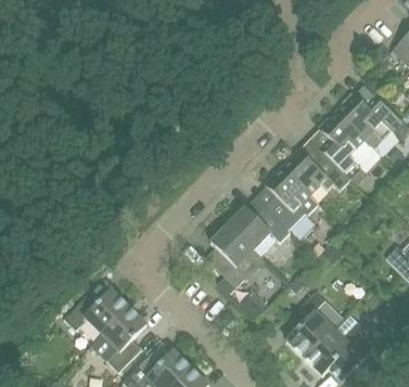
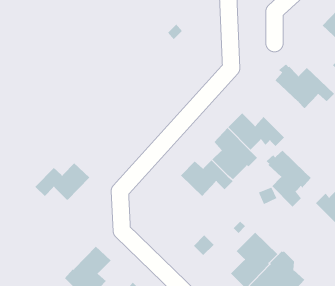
building: [318,113,372,180] -> [266,150,312,207]
building: [210,224,264,287] -> none
building: [63,289,128,334] -> [34,163,90,201]

